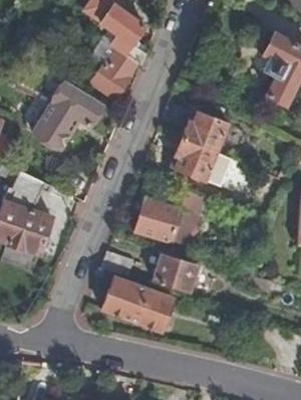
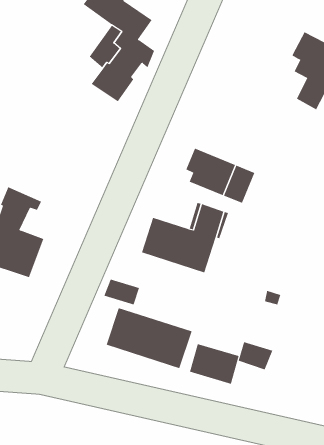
building: [31,80,101,146] -> none
building: [182,111,229,152] -> none
building: [154,254,198,290] -> [189,343,239,384]

